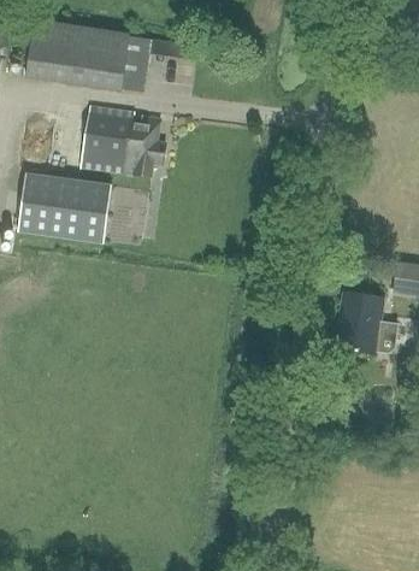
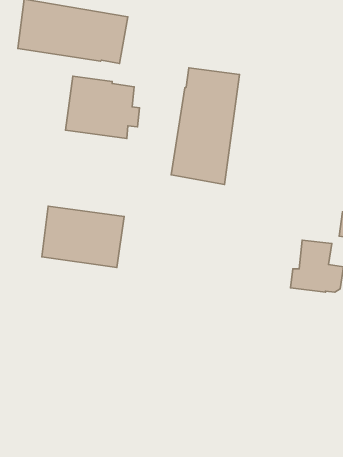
building: none -> [171,68,240,185]
building: [16,171,110,241] -> [42,206,124,267]

